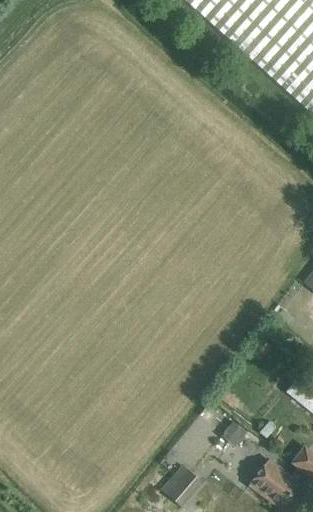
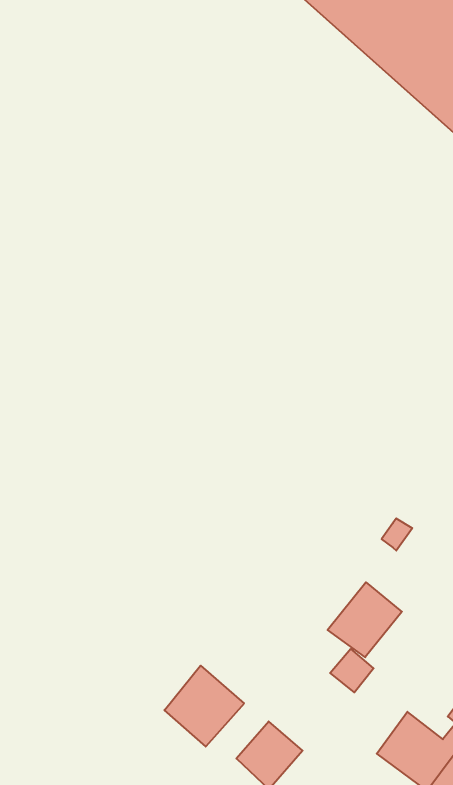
building: none -> [328,582,402,657]
building: none -> [164,666,244,747]

